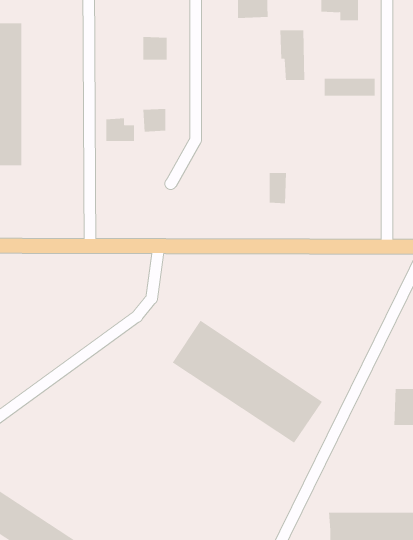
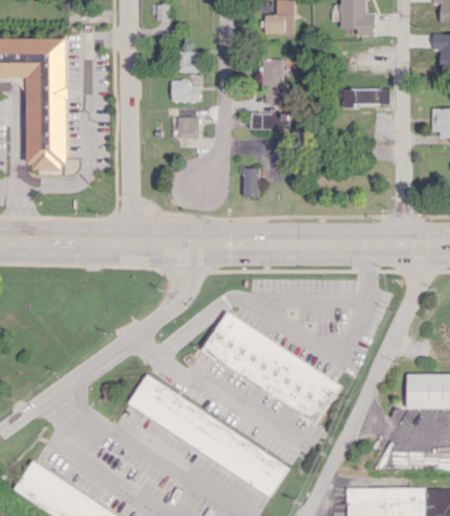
building: [279,30,305,81] -> [260,59,284,105]
building: none -> [250,112,281,129]
building: [106,118,135,142] -> [171,79,198,101]
building: [269,172,287,204] -> [243,168,259,197]
building: none -> [129,375,288,495]

